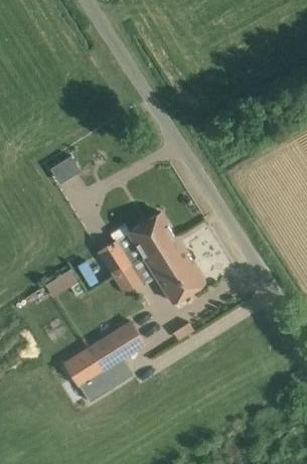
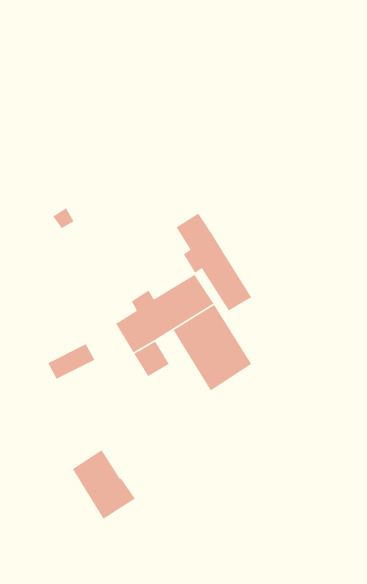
building: none -> [176,212,252,312]
building: [89,321,145,369] -> none

